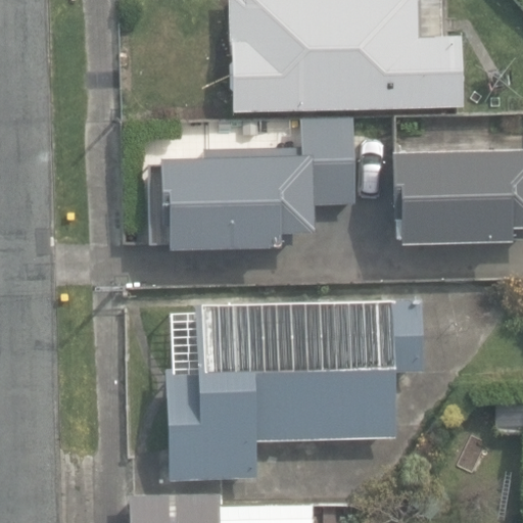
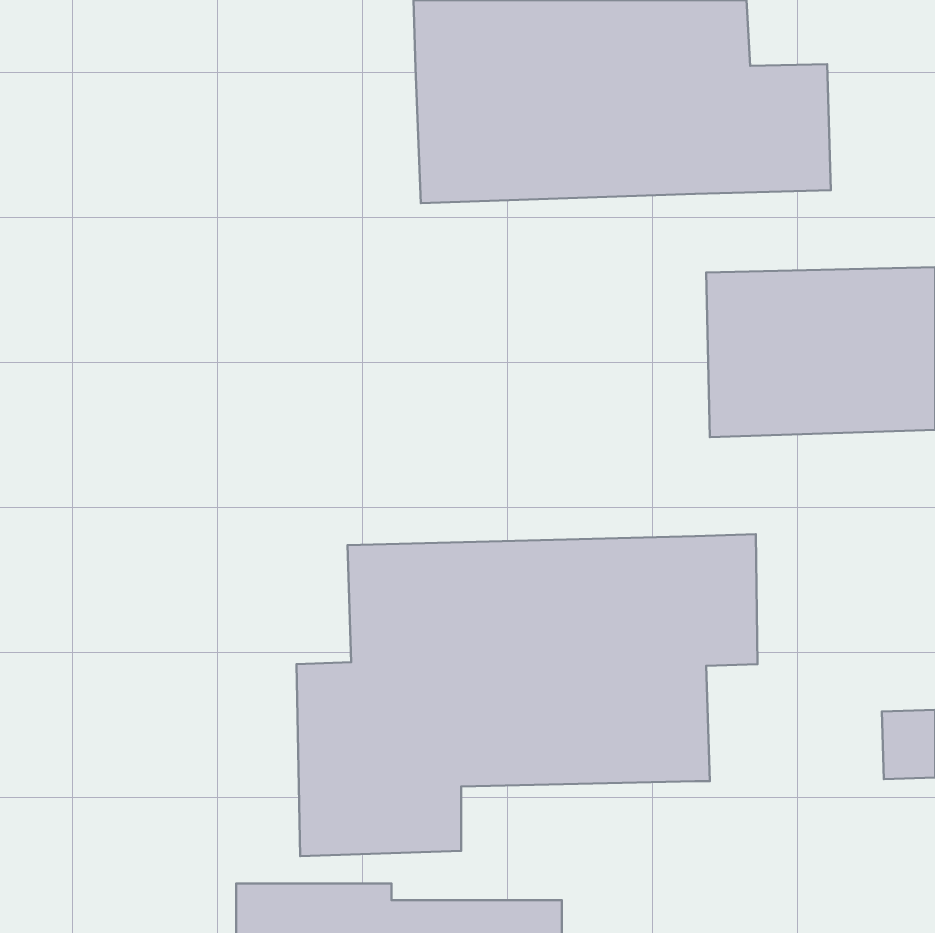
building: [160,115,355,248] -> none

